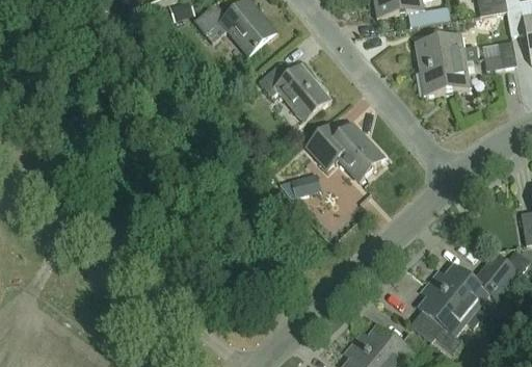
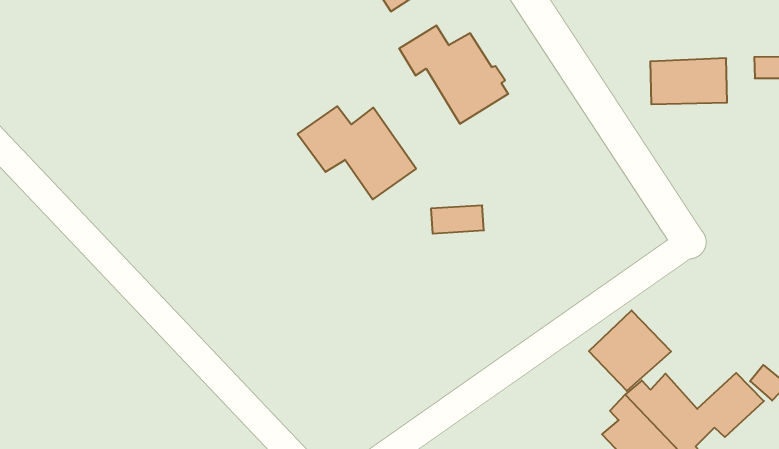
building: [413,32,464,67] -> none
building: [303,122,381,180] -> [298,106,416,199]
building: none -> [589,310,671,391]

